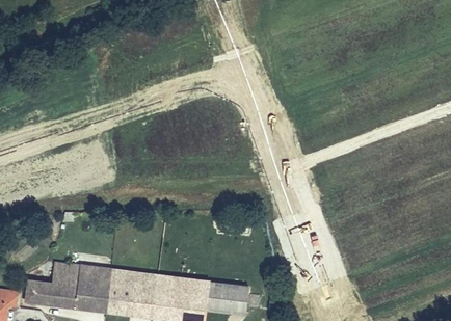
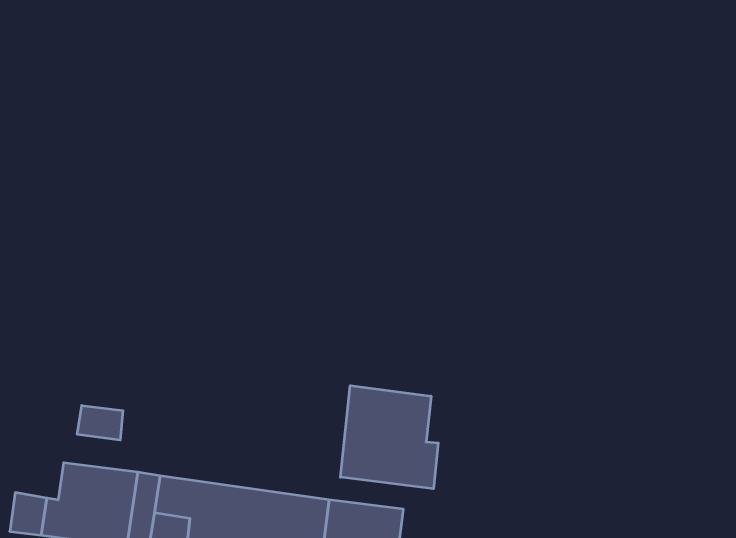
building: none -> [340,386,438,489]
building: none -> [77,405,123,440]

